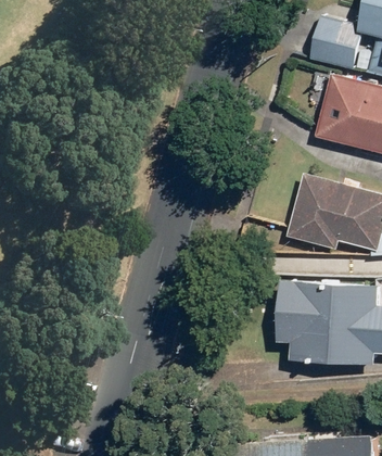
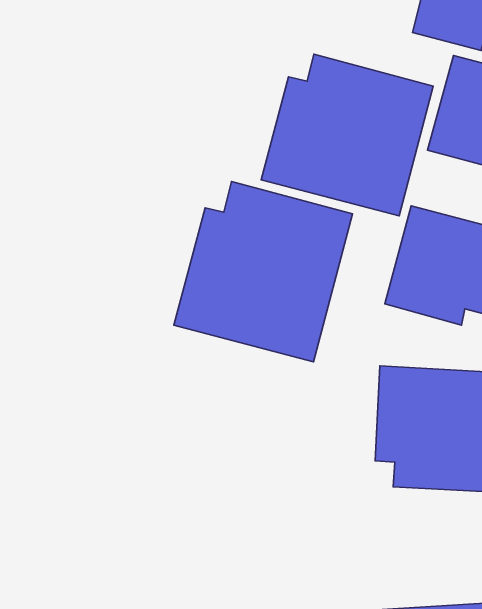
building: none -> [261,54,433,216]
building: none -> [174,182,352,362]

